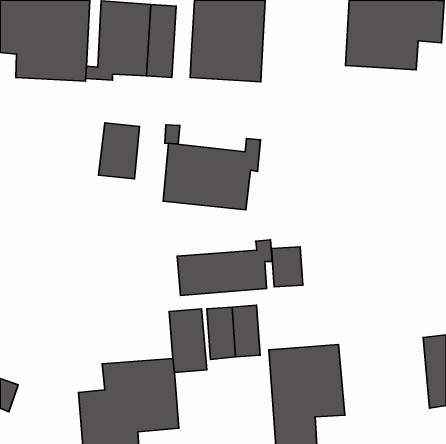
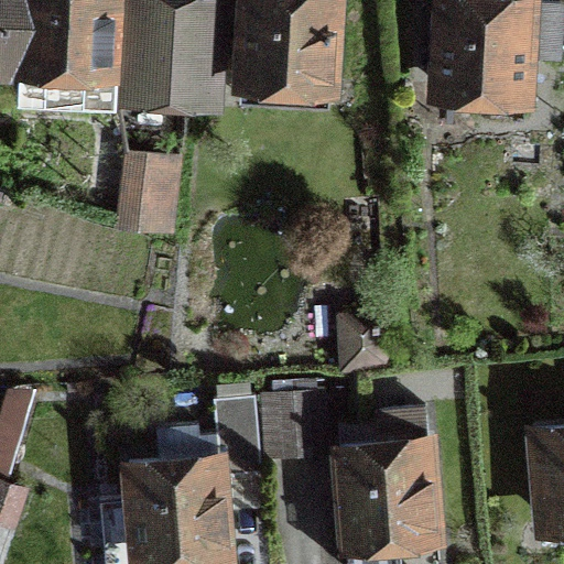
building: [163,139,261,210] -> none
building: [177,240,272,295] -> none

